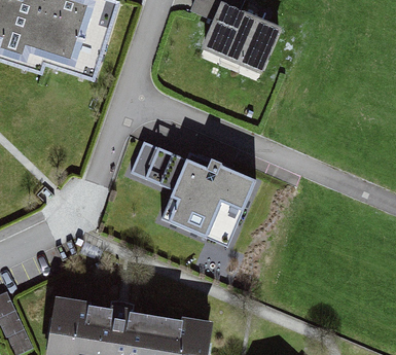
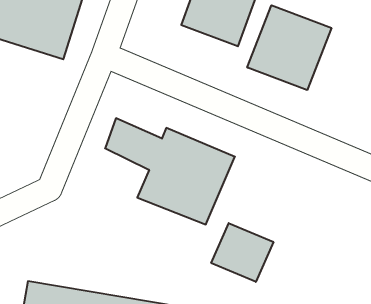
building: none -> [247,5,331,90]
building: none -> [211,223,273,282]

